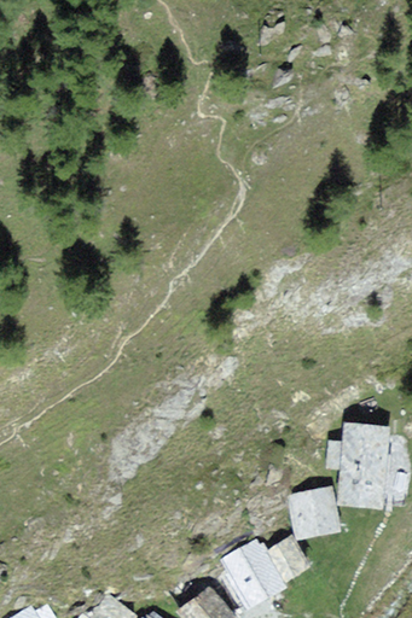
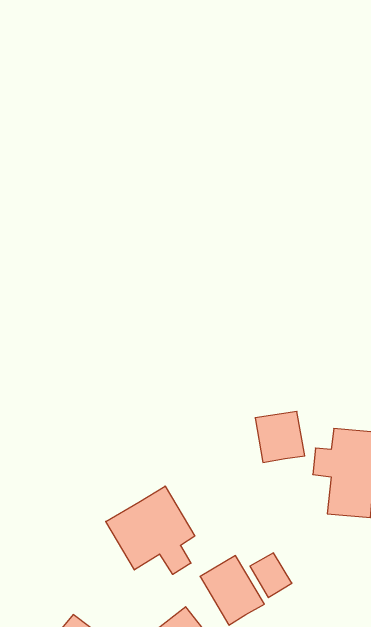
building: none -> [106,486,195,574]
building: [291,489,337,536] -> [255,411,305,462]

